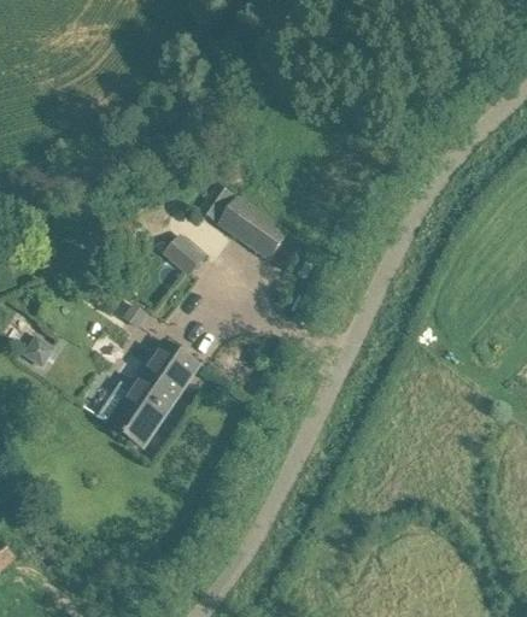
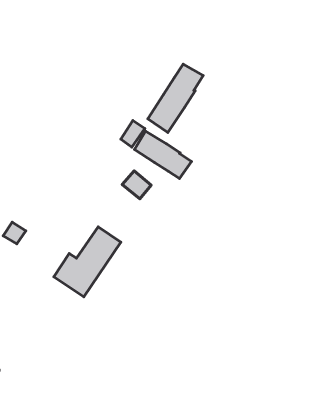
building: none -> [148,64,203,132]
building: [162,233,205,275] -> [122,171,151,199]

